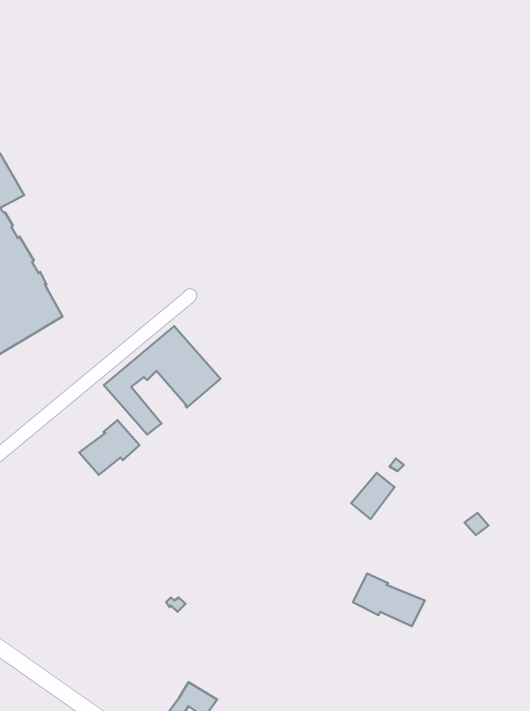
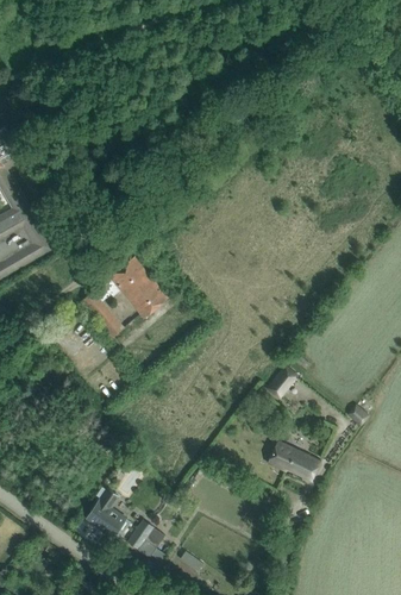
building: [79,420,140,475] -> none
building: none -> [87,489,125,537]

